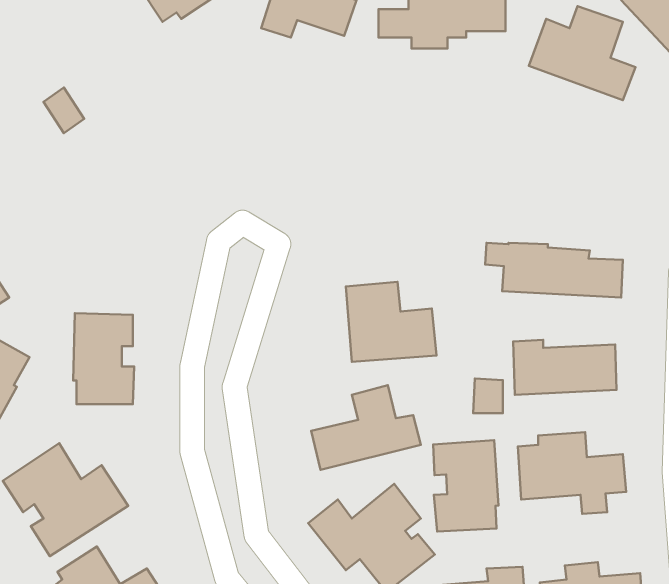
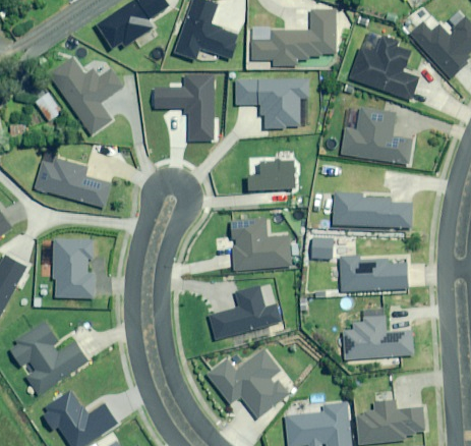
building: none -> [49,58,123,134]
building: none -> [153,73,212,141]
building: none -> [236,79,308,127]
building: none -> [342,107,413,165]
building: none -> [35,160,110,207]
building: none -> [248,161,295,190]
building: [473,379,503,413] -> [312,236,332,259]
building: [433,440,499,531] -> none

